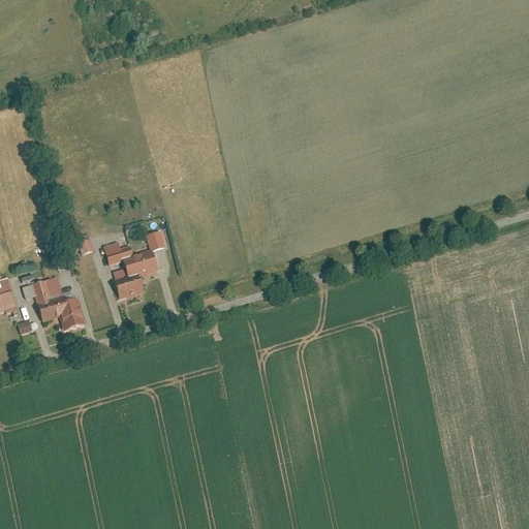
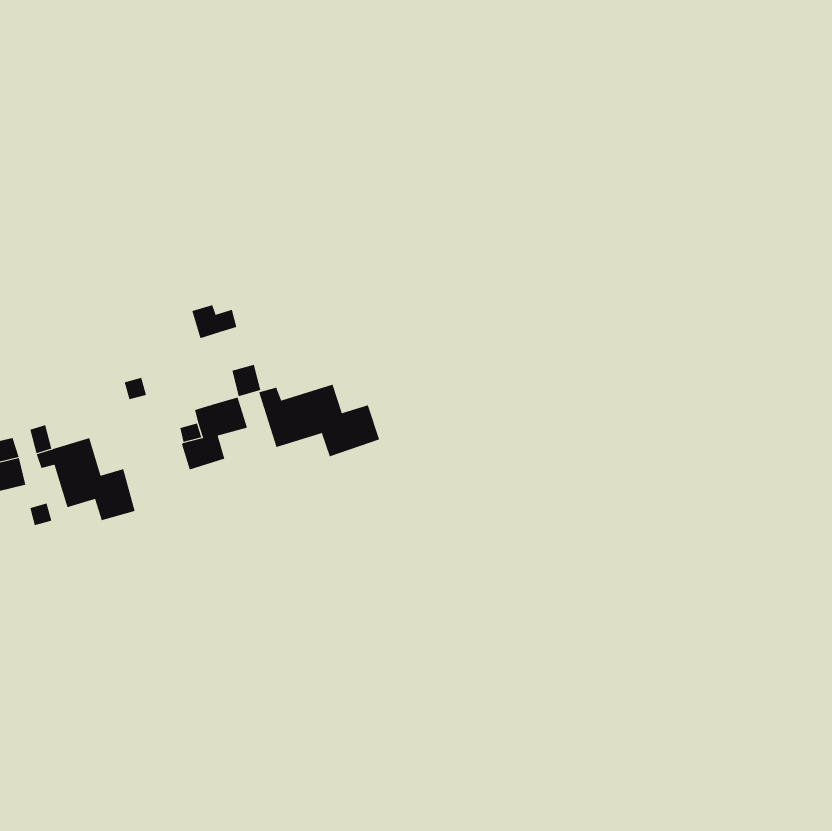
building: [104,242,133,263] -> [192,304,237,339]
building: none -> [259,384,380,457]

